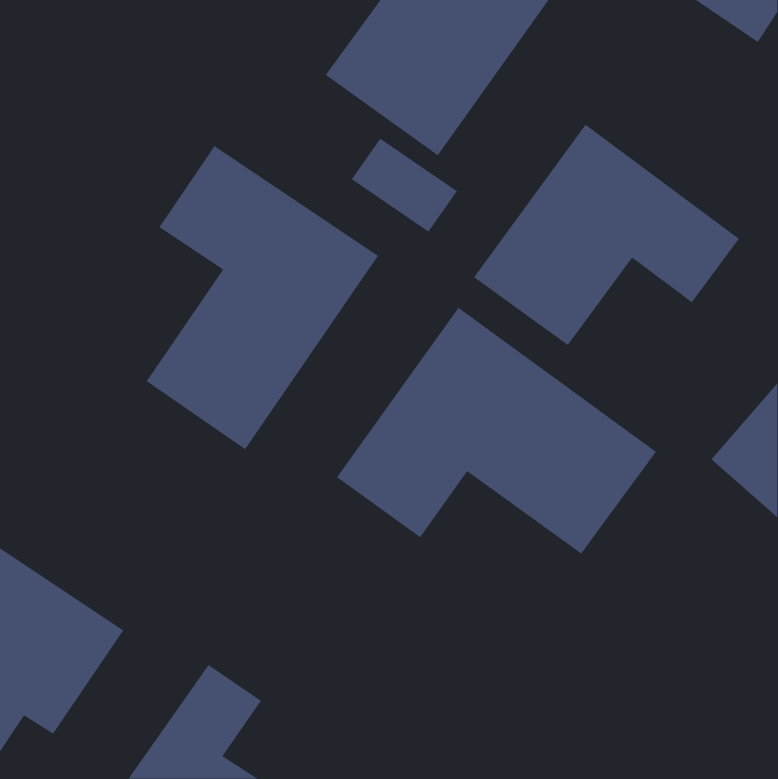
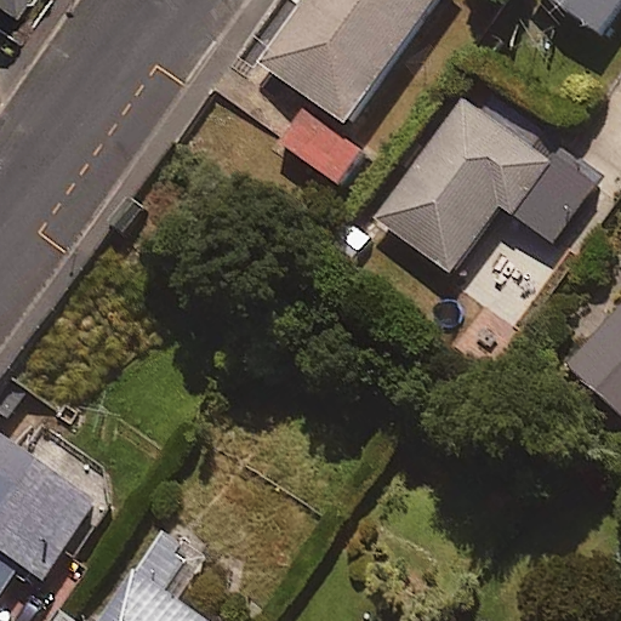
building: [146,145,379,450] -> none
building: [336,307,657,555] -> none

